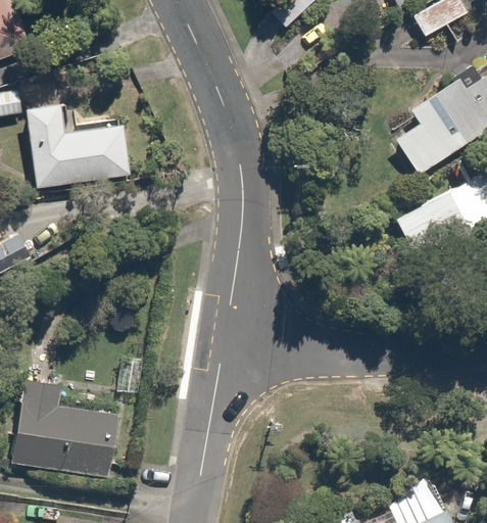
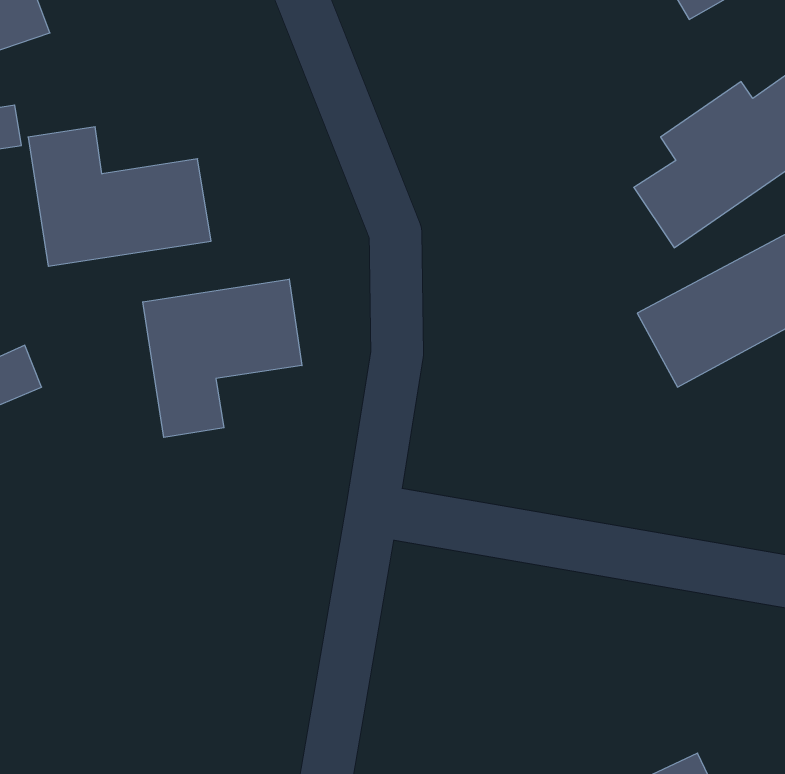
building: none -> [143,279,302,437]
building: [12,373,116,475] -> none

